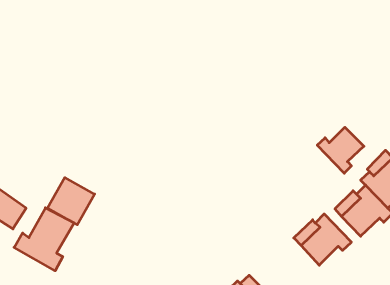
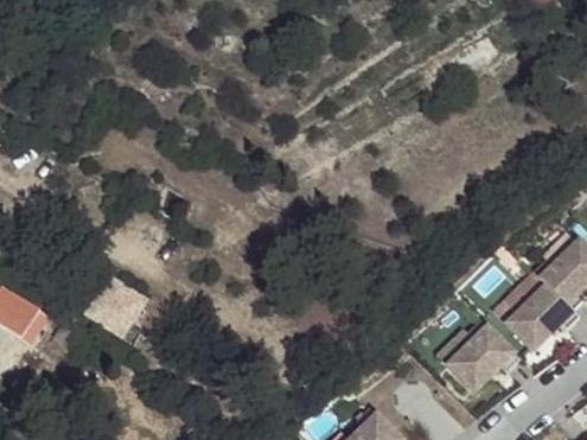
building: [317,127,364,173] -> none
building: [14,208,74,271] -> none

